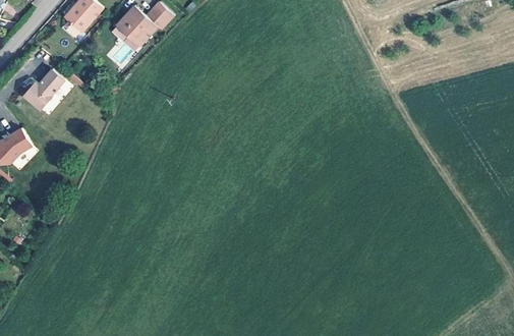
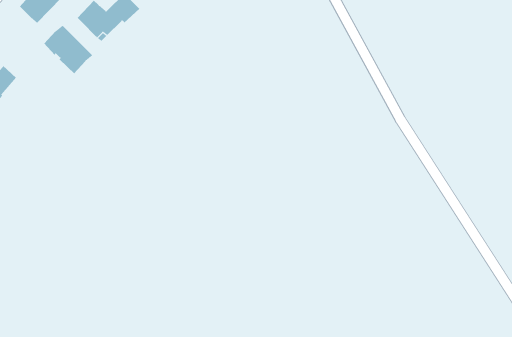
building: none -> [43,25,93,74]

